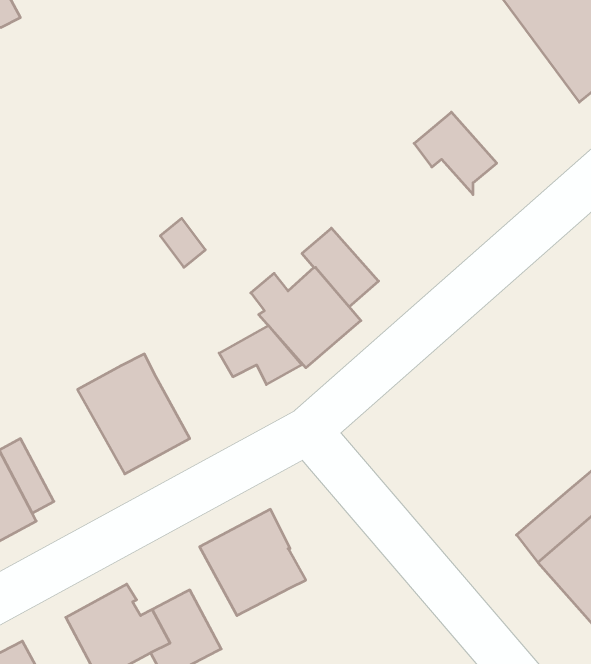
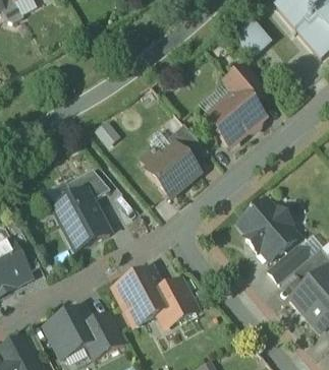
building: none -> [235,20,270,55]
building: none -> [206,88,265,145]
building: [219,326,302,385] -> [67,169,110,199]
building: none -> [239,199,297,254]
building: none -> [267,245,307,283]
building: none -> [161,280,197,324]

